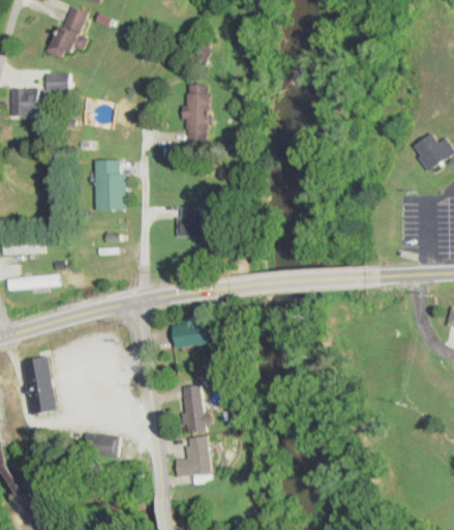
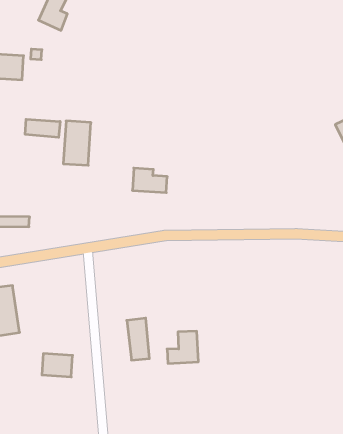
building: [185,86,208,132] -> none
building: none -> [25,119,60,137]
building: [175,321,212,348] -> none
building: [175,437,212,476] -> [167,331,198,363]

